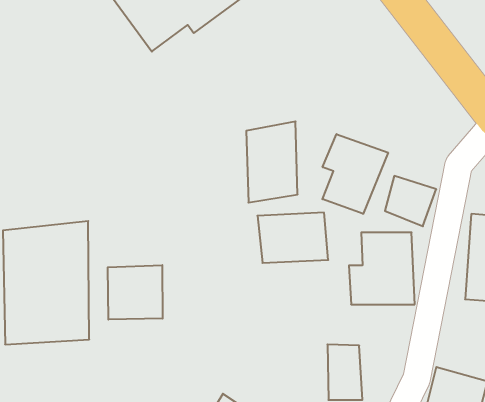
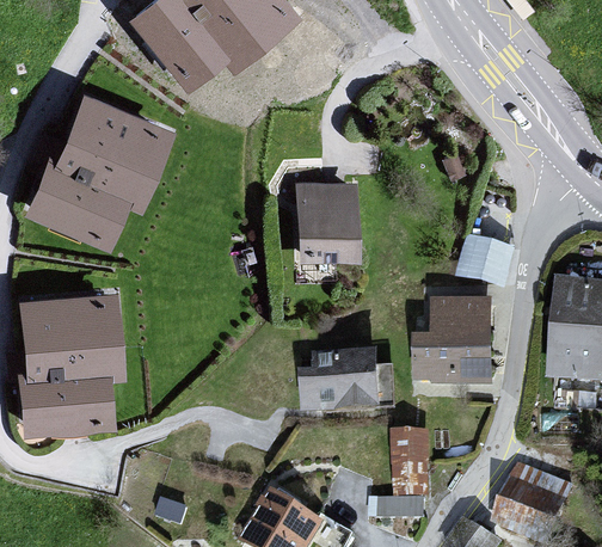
building: none -> [17,90,171,248]
building: [322,134,388,214] -> none
building: [257,213,328,263] -> [301,359,383,418]
building: [108,265,163,320] -> none

